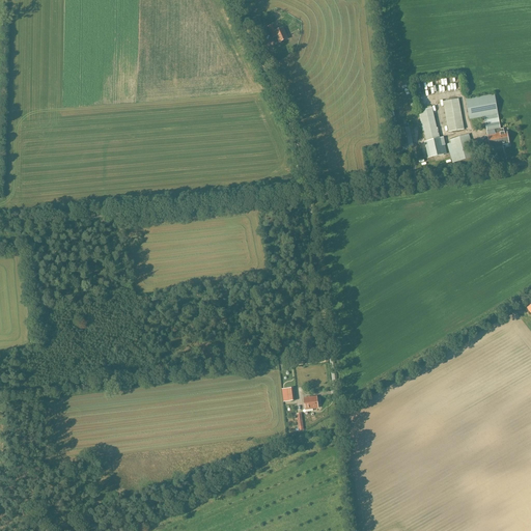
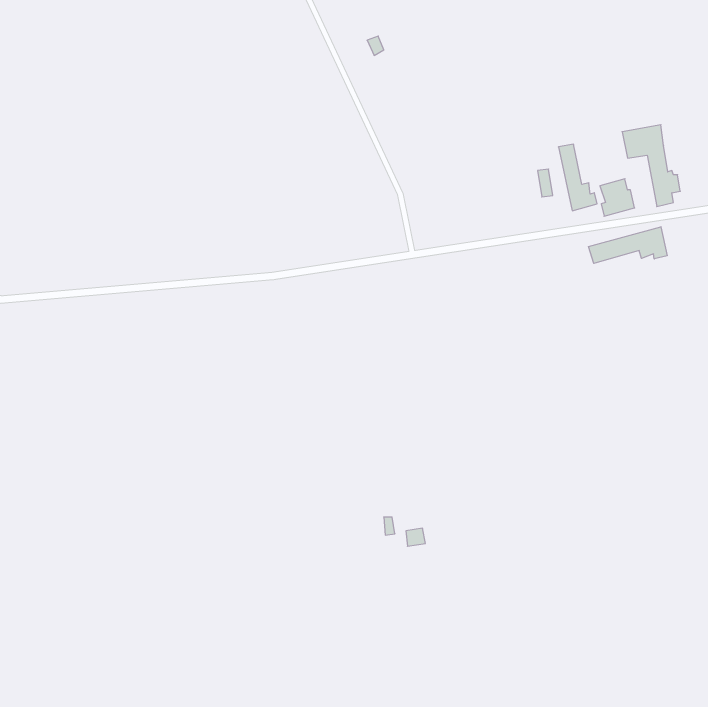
building: [443,97,464,131] -> none
building: none -> [588,227,667,263]

